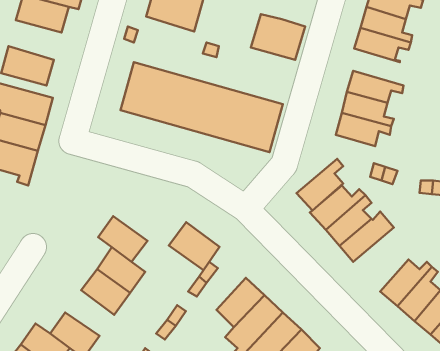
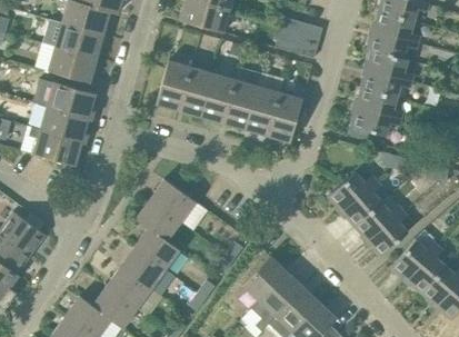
building: none -> [54,22,102,58]
building: none -> [366,48,413,81]
building: [296,159,343,210] -> [366,209,408,256]
building: [169,222,219,270] -> [149,178,194,221]
building: none -> [106,266,150,307]

